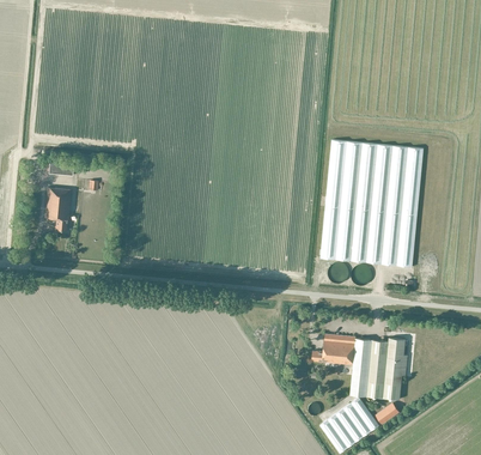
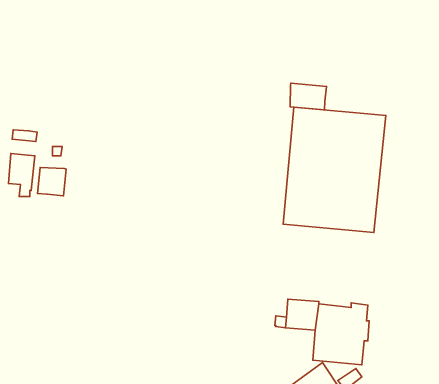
building: none -> [290,83,327,110]
building: none -> [38,168,66,196]

